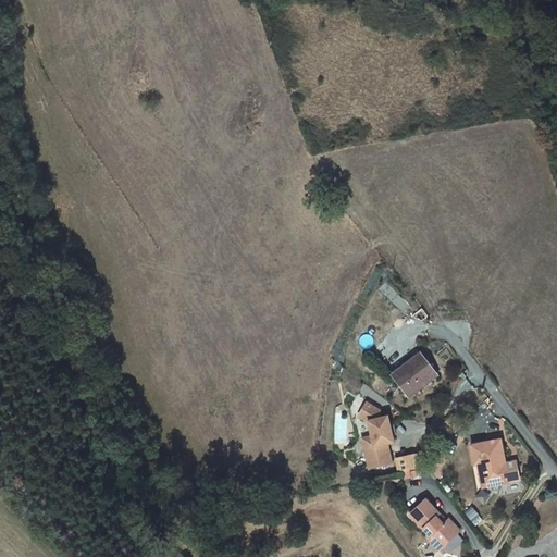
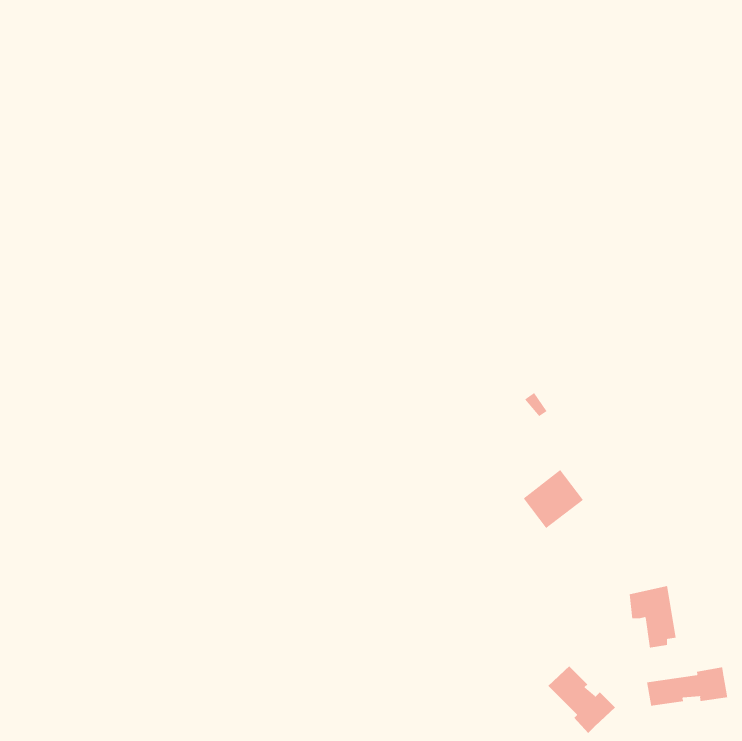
building: [359,403,393,467] -> none
building: none -> [647,666,728,707]

